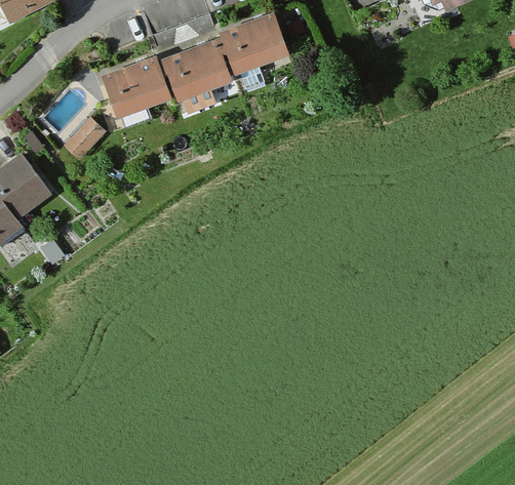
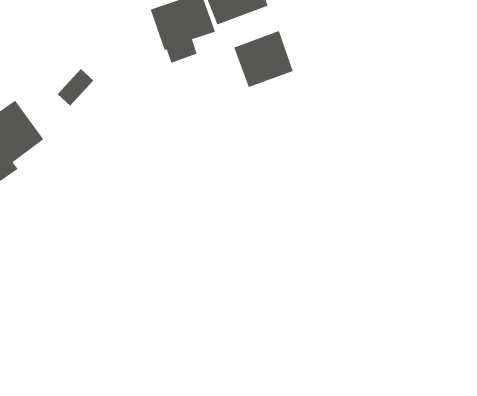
building: [103,55,171,117] -> none
building: none -> [234,30,293,88]

